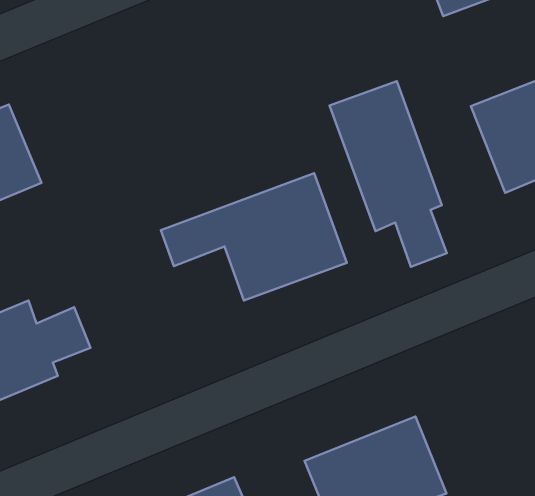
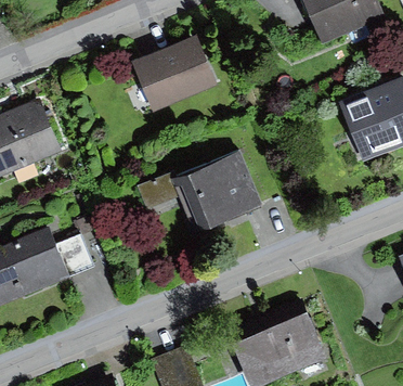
building: none -> [134,42,211,108]
building: [330,81,447,267] -> none

